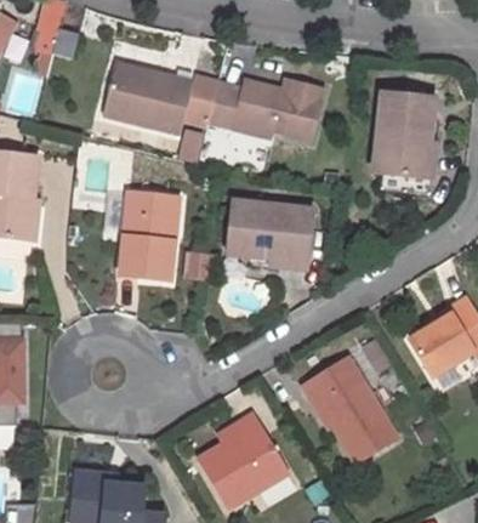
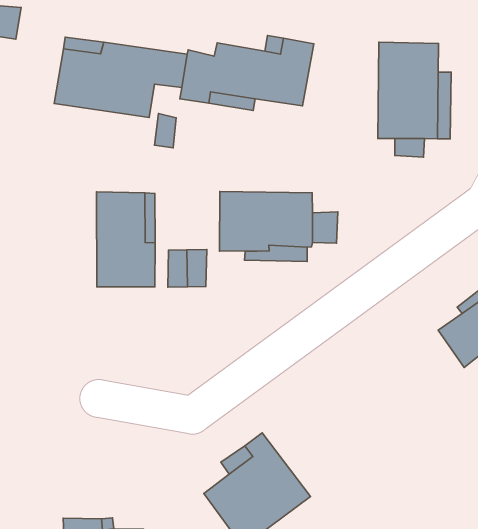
building: [305,357,400,464] -> none

